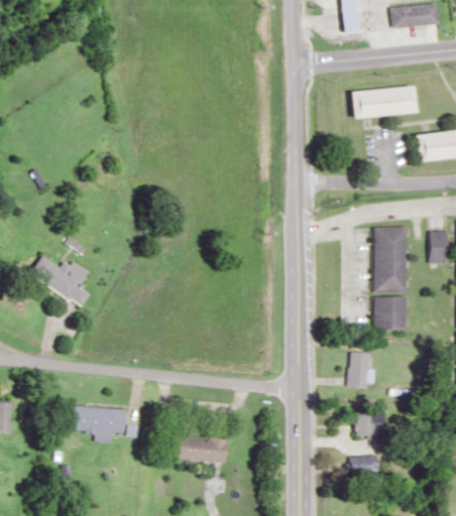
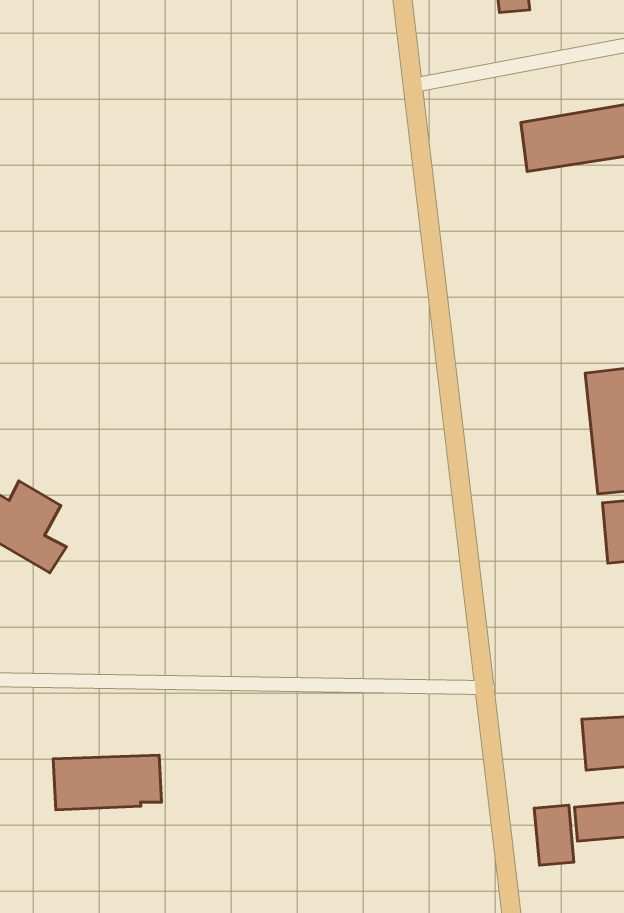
building: [350,352,368,386] -> none
building: [170,434,231,463] -> none
building: none -> [534,805,574,865]

